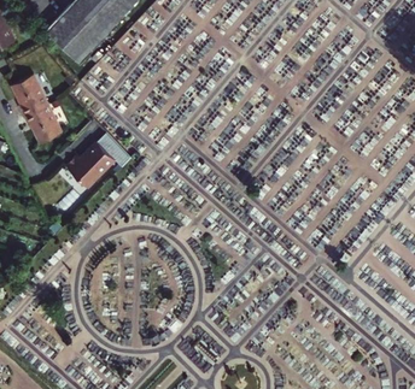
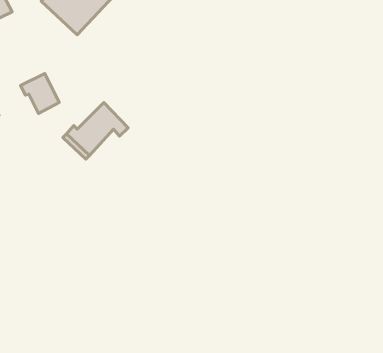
building: [11,73,47,114] -> none

